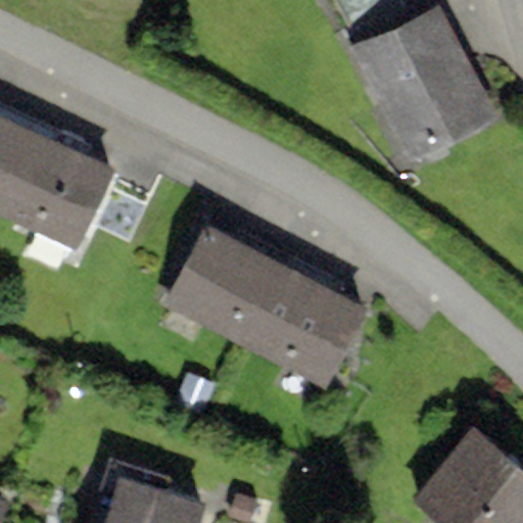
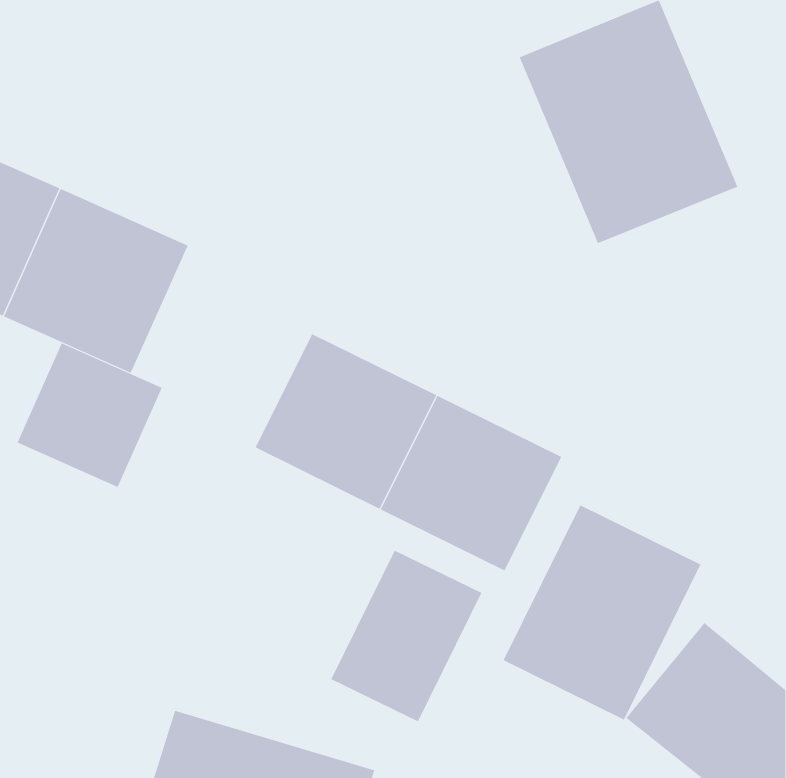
building: none -> [17,343,163,488]
building: none -> [503,504,701,720]
building: none -> [330,550,482,722]

